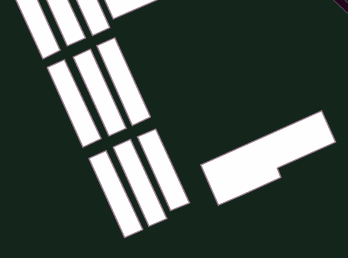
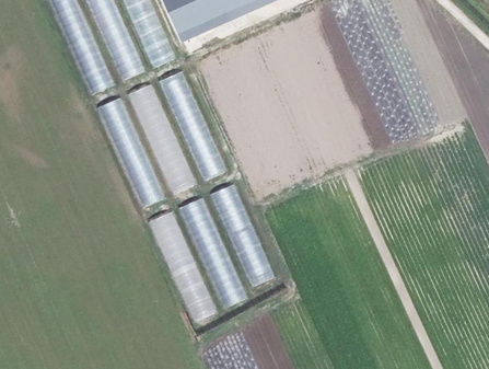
building: [201,111,335,205] -> none

